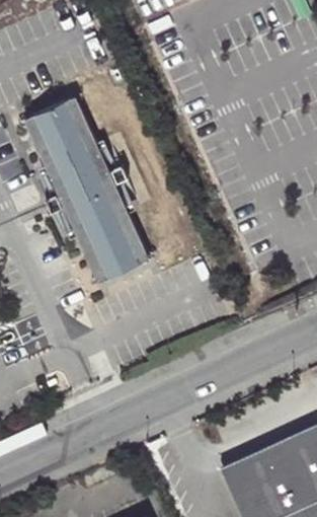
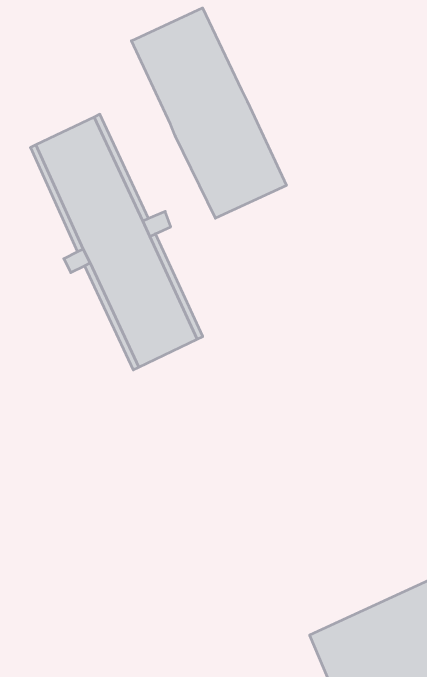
building: none -> [131,8,286,218]

